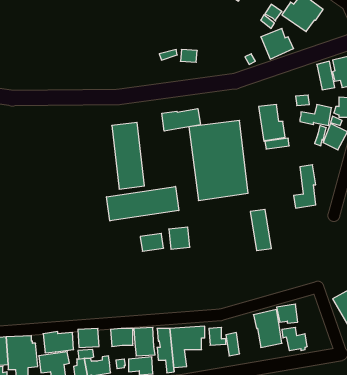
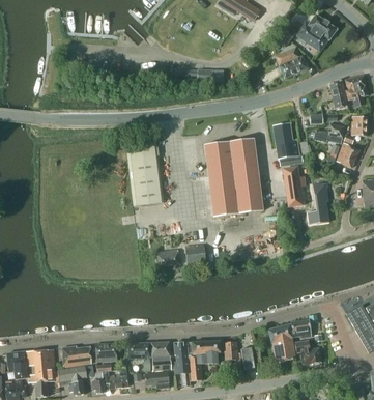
building: [162,109,200,131] -> none
building: [107,186,179,221] -> none
building: [250,209,271,251] -> [281,166,301,206]

